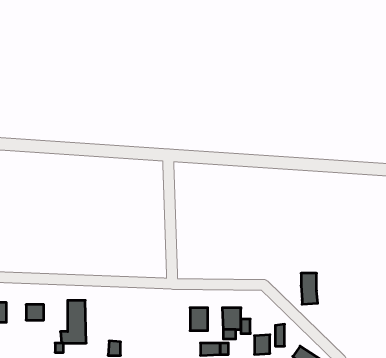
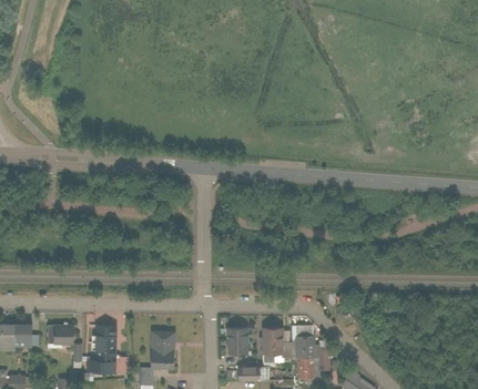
building: [301,273,318,304] -> [295,327,313,360]
building: none -> [151,328,176,366]

